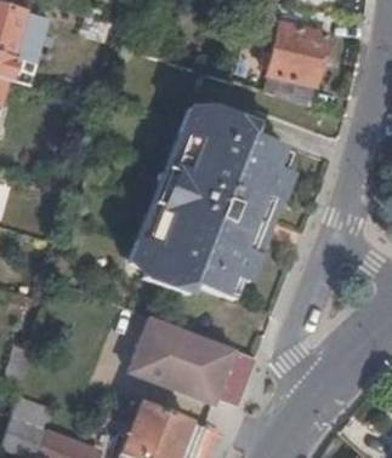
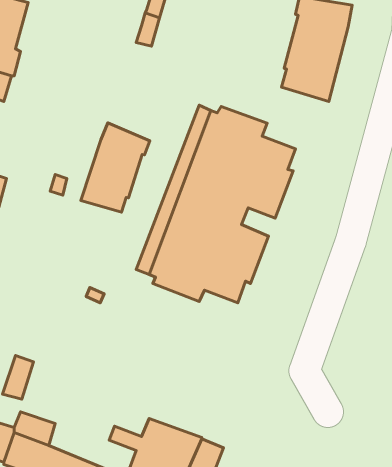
building: none -> [81,123,150,212]
building: [226,149,296,300] -> none
building: [131,315,259,406] -> none

